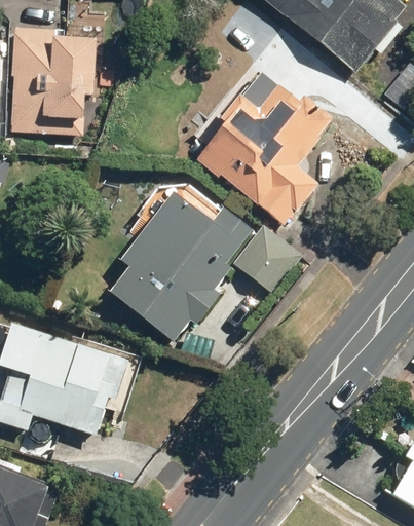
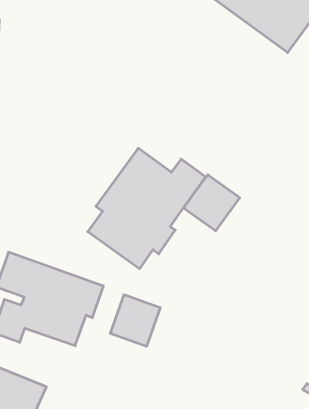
building: [9,27,100,133] -> none
building: [200,68,333,228] -> none
building: none -> [110,295,160,346]

